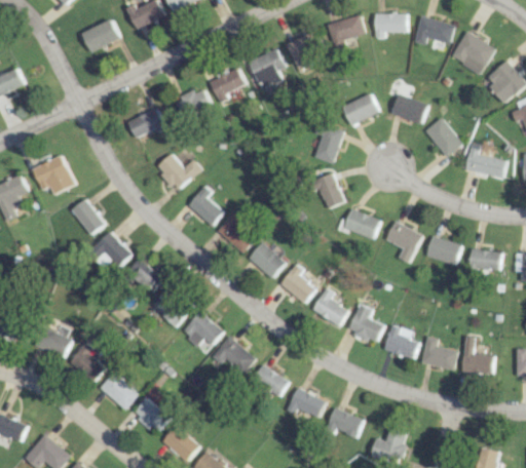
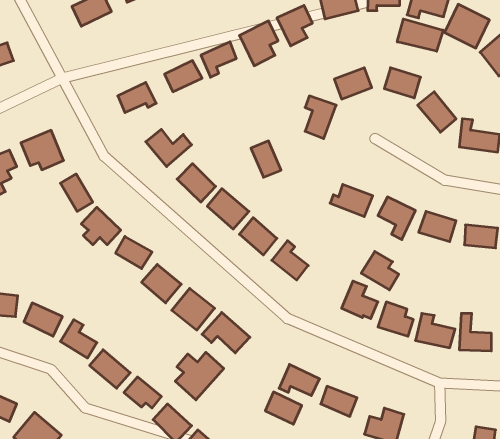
building: none -> [397,19,443,51]
building: [313,172,343,208] -> [251,141,281,177]
building: [311,287,348,325] -> [361,251,399,290]
building: [253,365,289,397] -> [265,392,302,424]
building: none -> [175,352,224,400]

